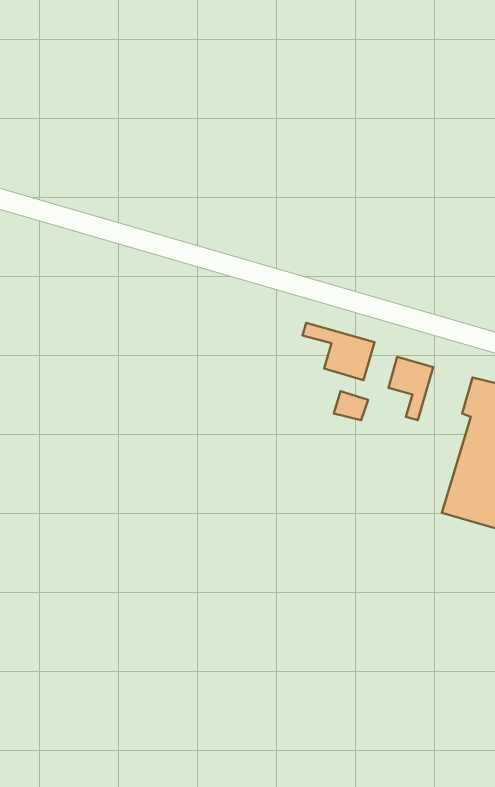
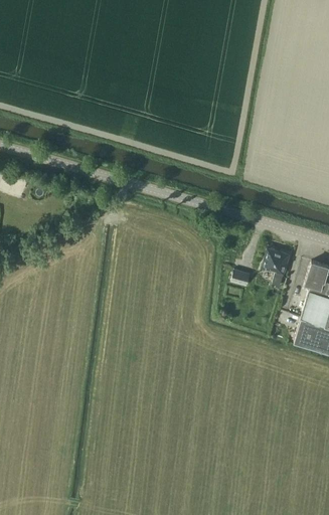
building: [302,323,374,380] -> none

